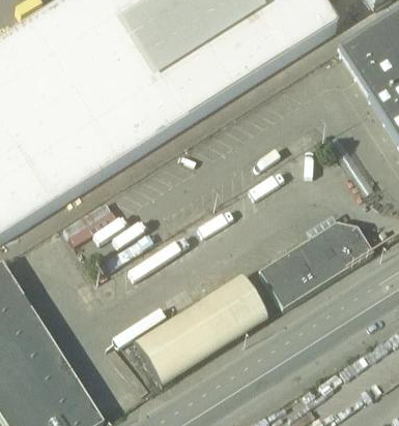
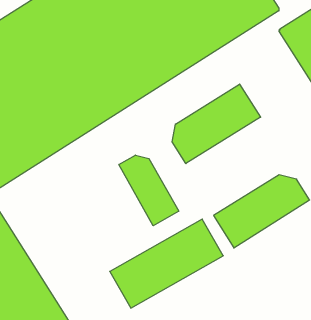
building: none -> [172,84,261,164]
building: none -> [119,155,179,226]

